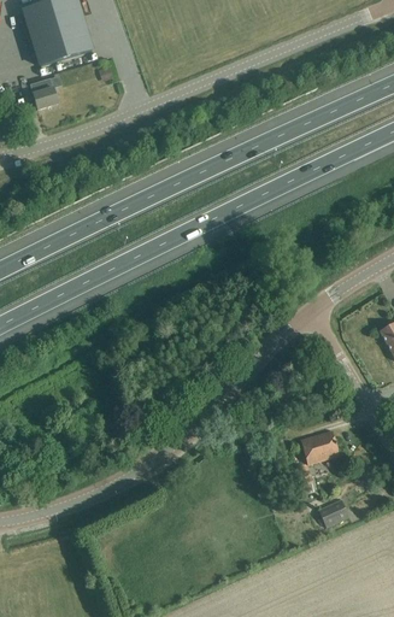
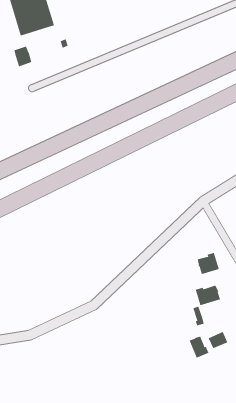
building: none -> [197,252,219,275]
building: none -> [189,336,209,359]

